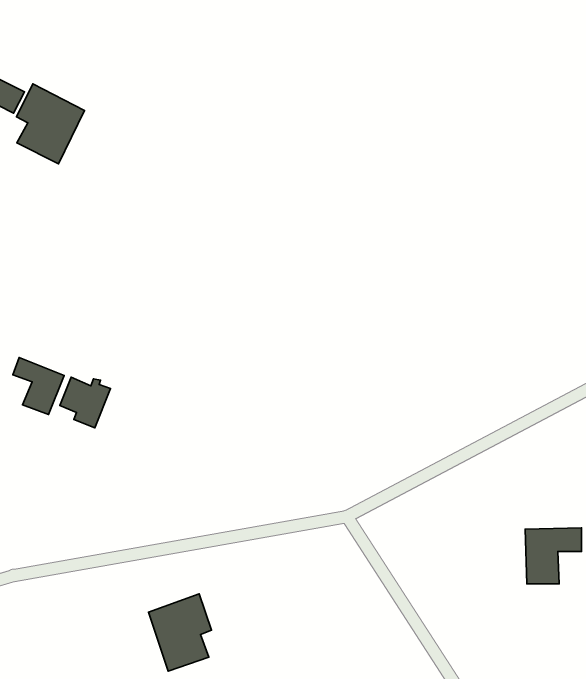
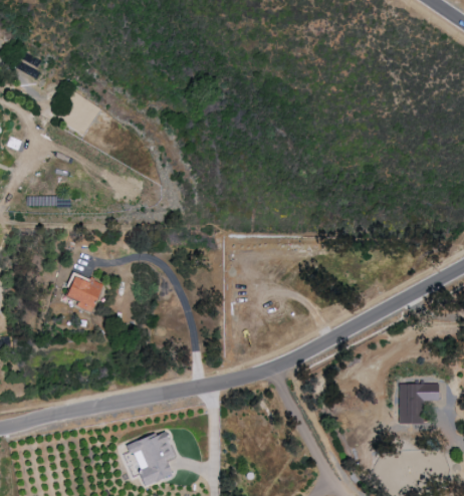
building: [16,84,85,164] -> none
building: [13,357,64,415] -> none

